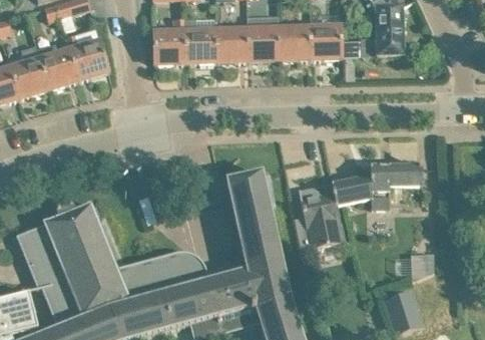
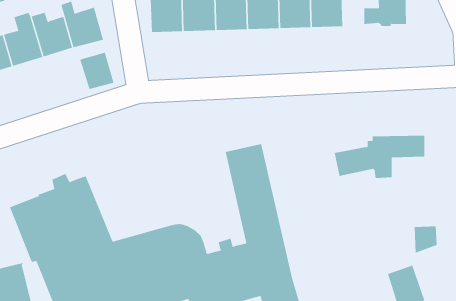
building: none -> [79,52,114,90]
building: [301,182,345,248] -> none

